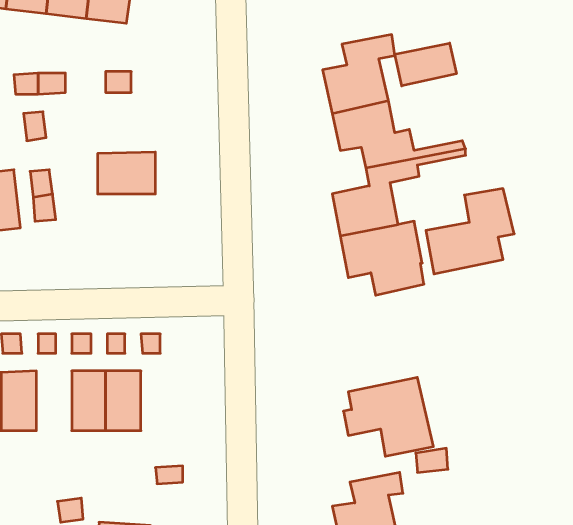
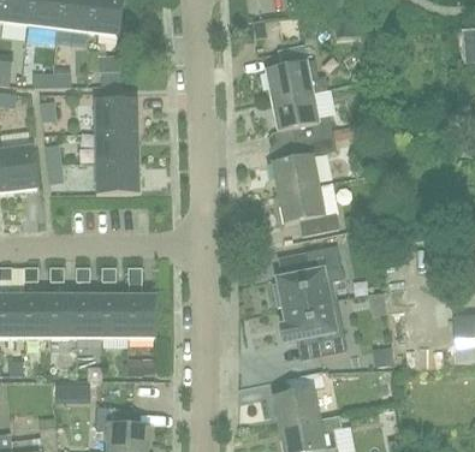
building: [395,43,456,86] -> none
building: none -> [94,99,138,131]
building: [426,189,514,274] -> [277,245,343,309]
building: none -> [95,161,138,192]
building: none -> [49,293,76,338]
building: none -> [127,293,154,338]

